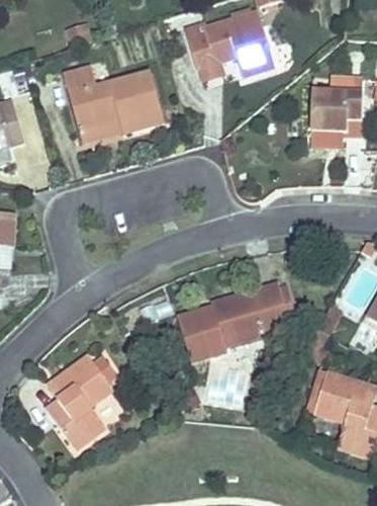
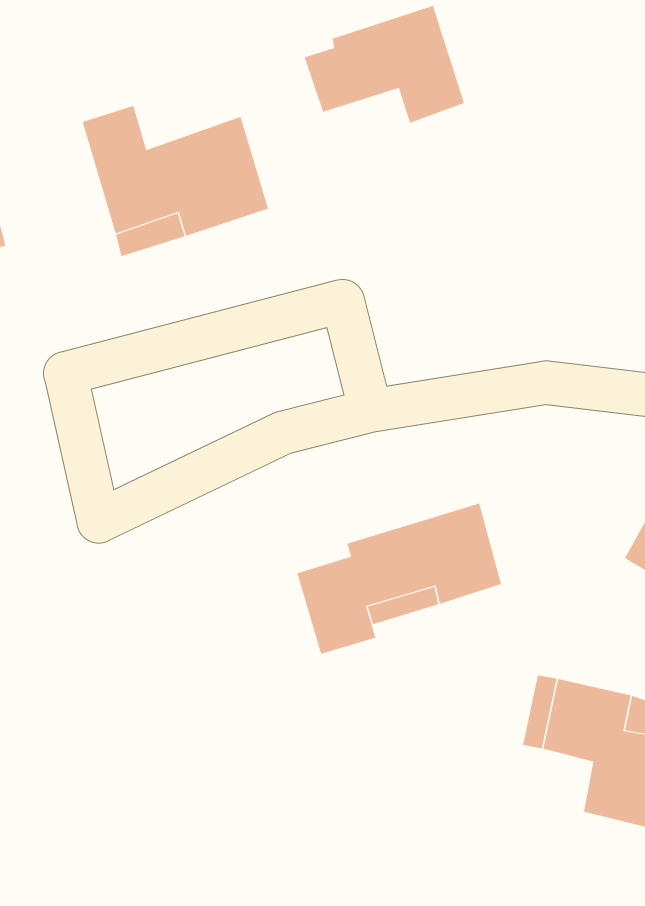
building: [309,93,364,143] -> none
building: [45,354,118,449] -> none

